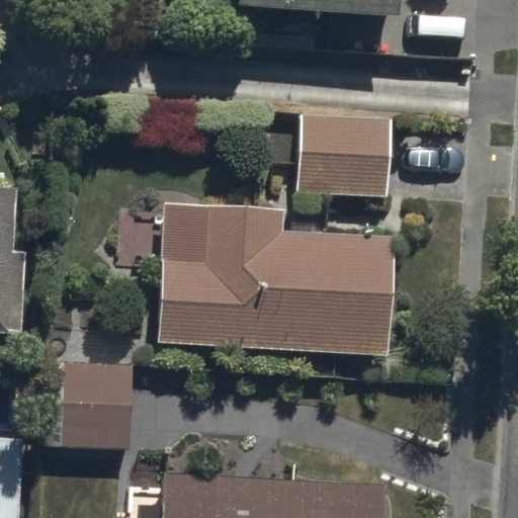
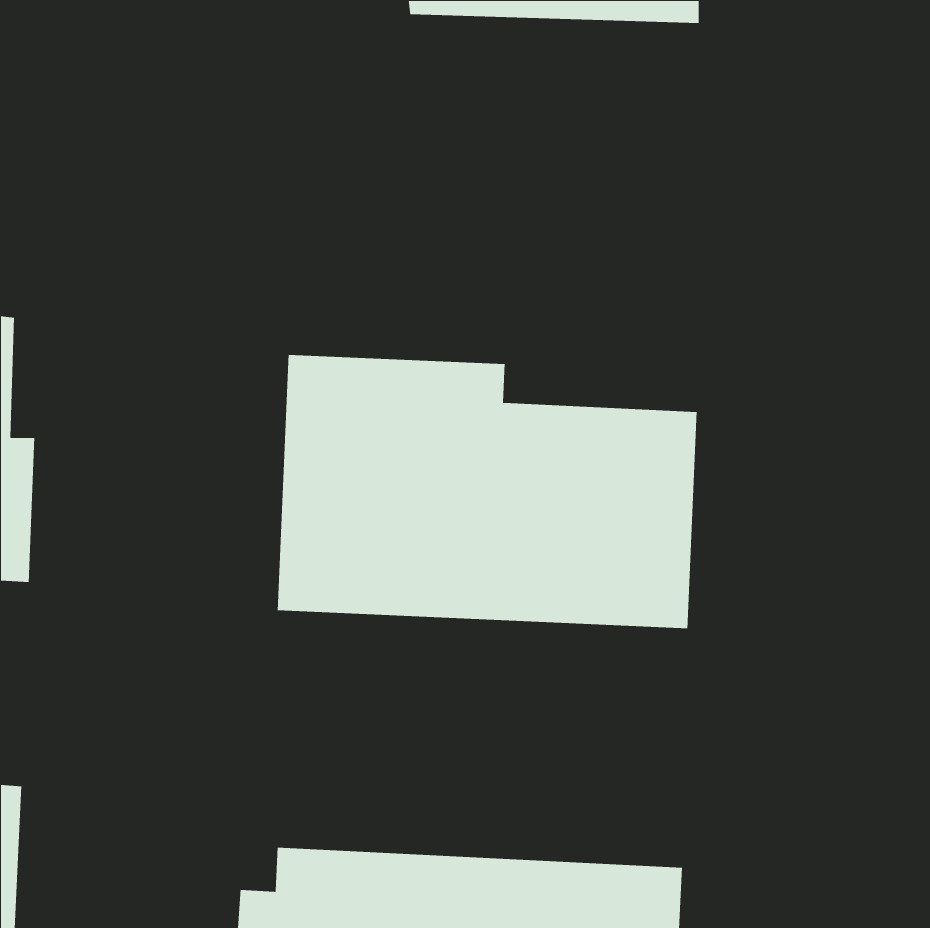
building: [298,115,392,195] -> none
building: [36,375,132,459] -> none

